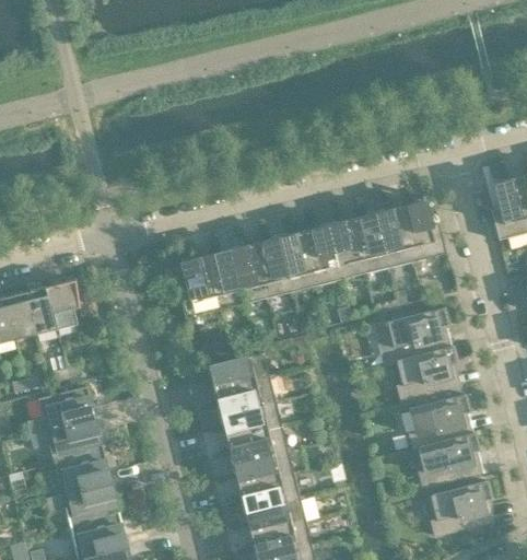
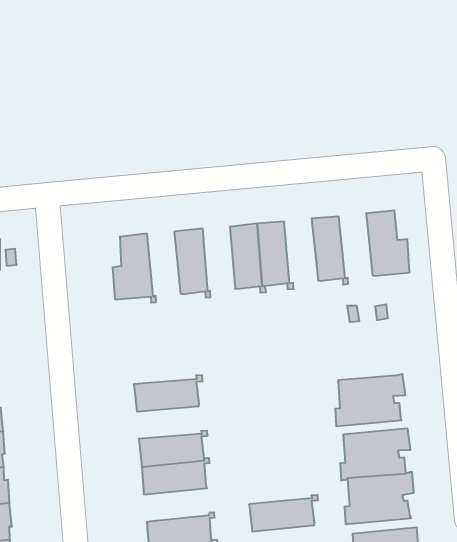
building: [374,206,415,267] -> none
building: [326,218,367,279] -> none
building: [254,236,294,298] -> none
building: [204,248,246,310] -> none
building: [373,306,448,363] -> none
building: [208,352,269,390] -> none
building: [220,397,281,439] -> none
building: [237,470,298,512] -> [249,495,318,532]

